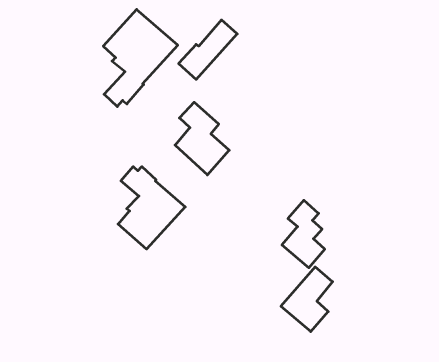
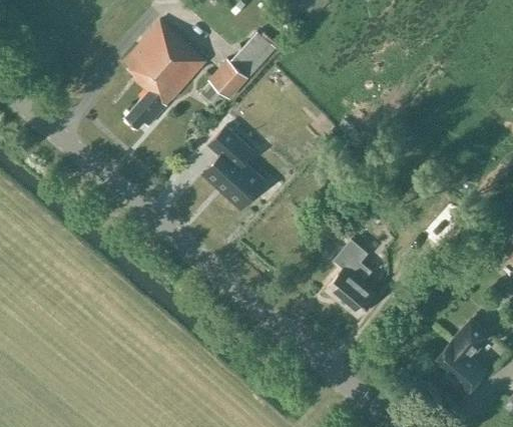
building: [118,167,185,249] -> none
building: [281,267,333,332] -> [433,319,492,393]

